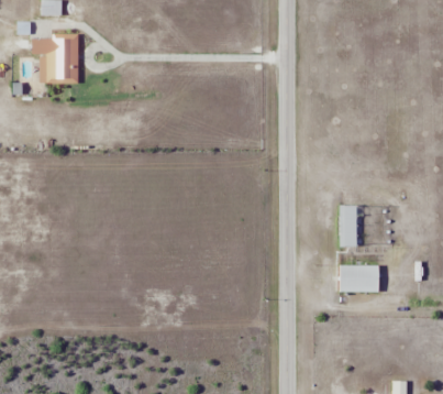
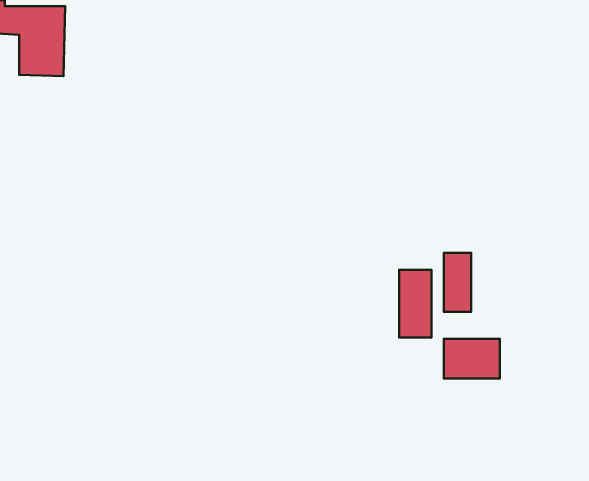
building: none -> [399,270,431,337]

